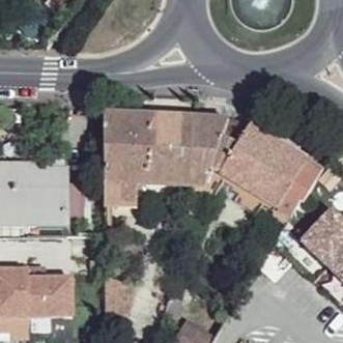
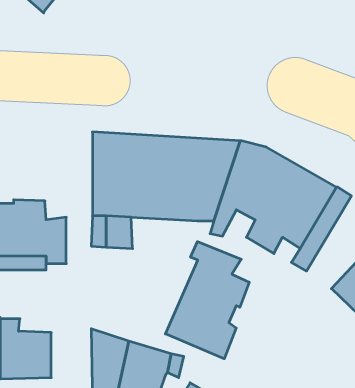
building: none -> [165,242,249,359]

